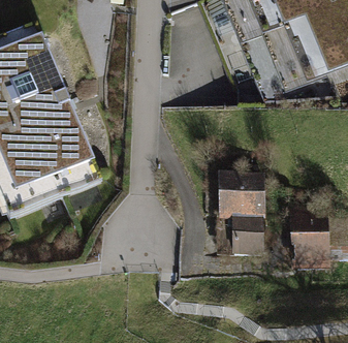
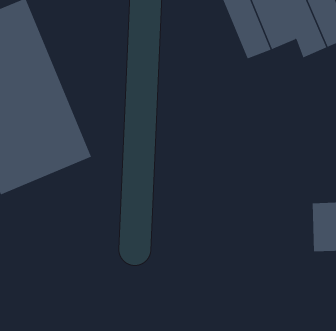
building: [223,172,264,249] -> none

